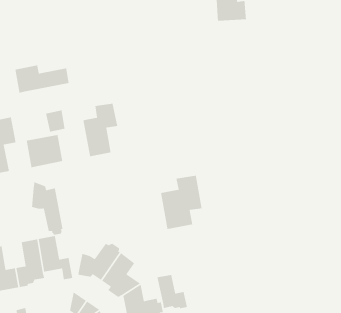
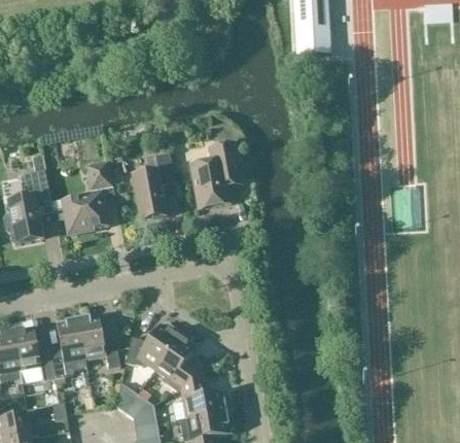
building: [15,64,70,93] -> none
building: [160,175,203,230] -> [190,142,242,209]
building: [31,181,64,235] -> none
building: [157,274,188,309] -> none

